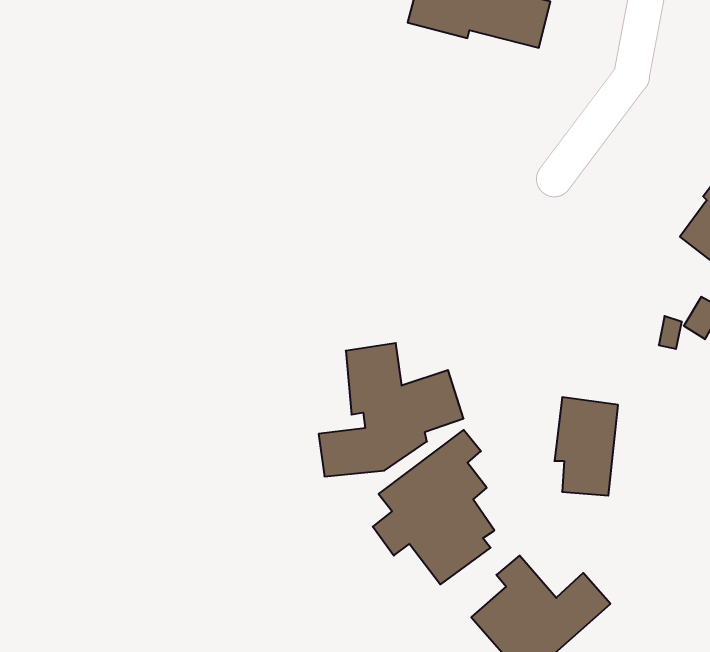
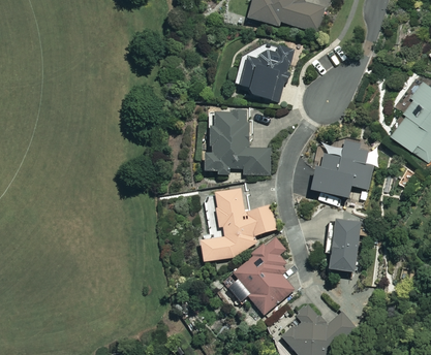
building: none -> [235,44,295,101]
building: none -> [205,109,269,173]
building: none -> [310,138,374,197]

